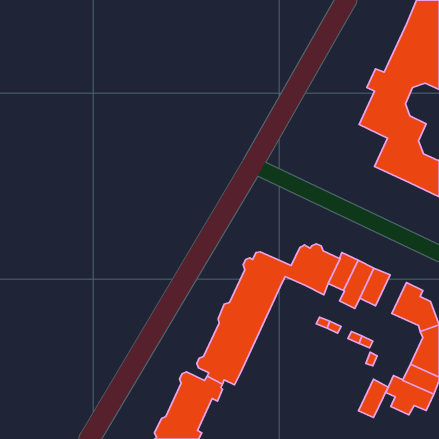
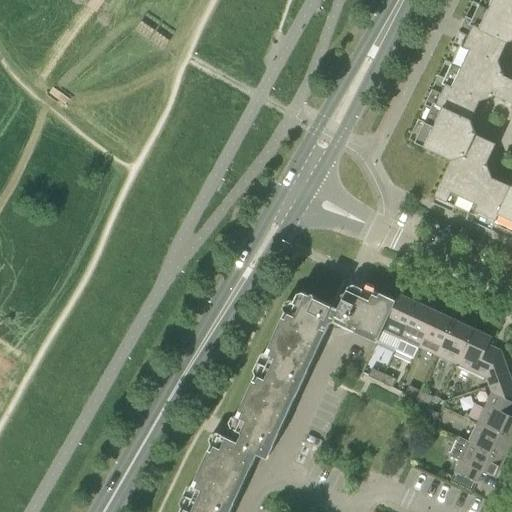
building: none -> [437,320,473,365]
building: [359,379,388,418] -> none

